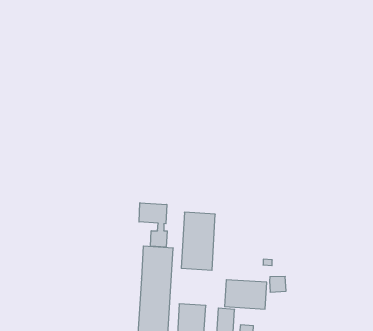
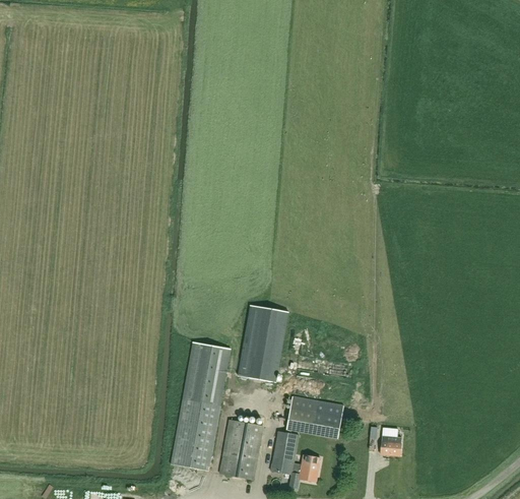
building: [139,203,167,247] -> none
building: [270,277,286,292] -> [380,434,401,454]

